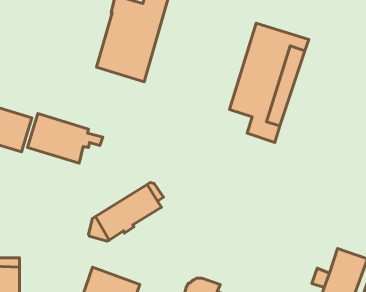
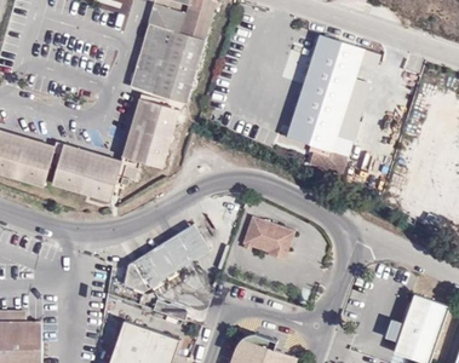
building: none -> [122,99,178,167]
building: none -> [245,219,296,263]

